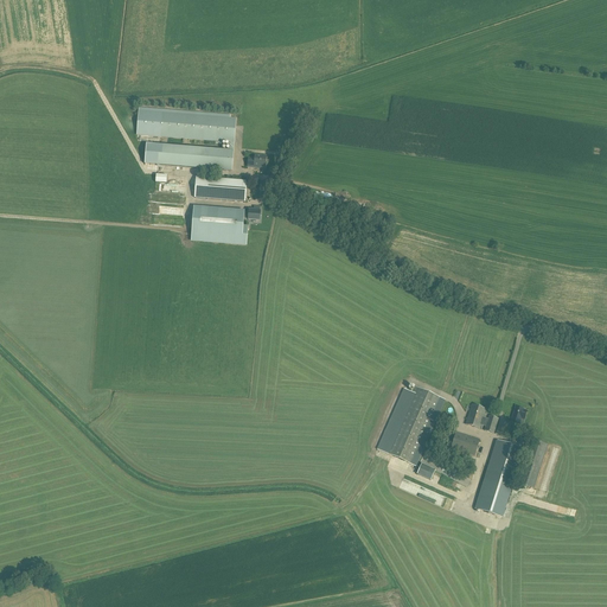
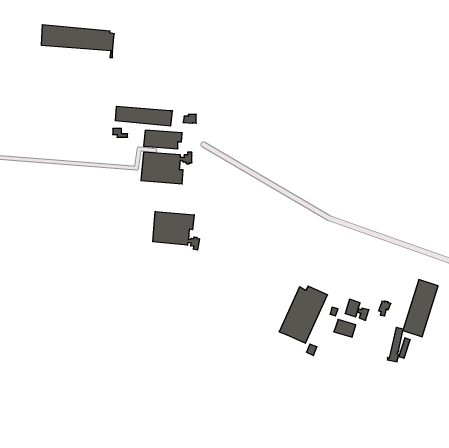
building: [136,106,235,149] -> [41,25,114,58]
building: none -> [153,211,199,250]
building: [474,439,522,516] -> [403,280,438,337]

